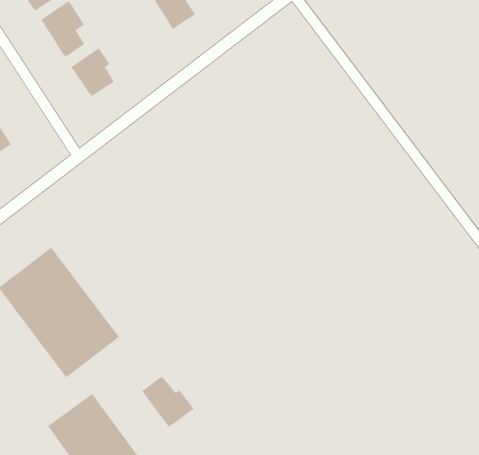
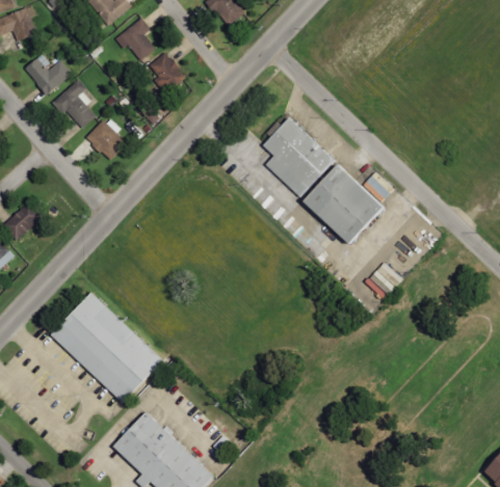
building: none -> [264,118,336,198]
building: none -> [307,164,388,245]
building: [141,375,194,428] -> none

